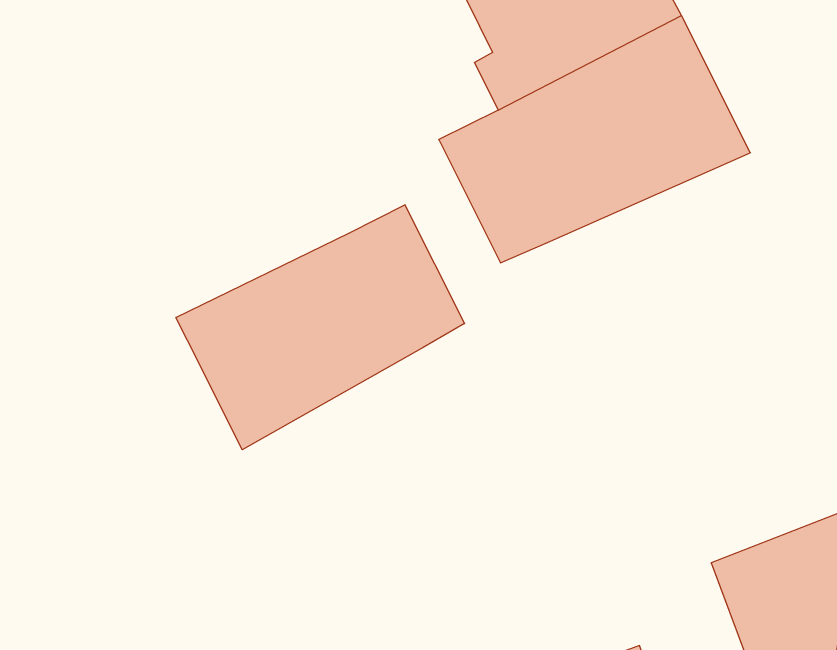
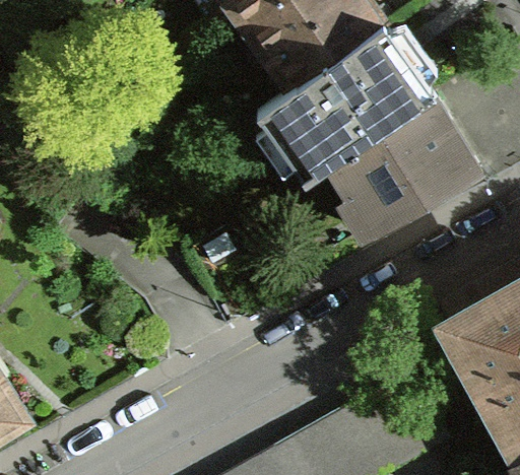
building: none -> [324,99,475,230]
building: [176,205,465,450] -> none

